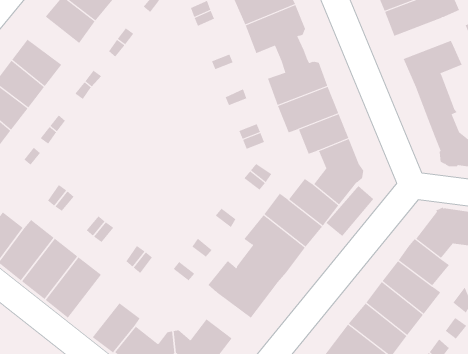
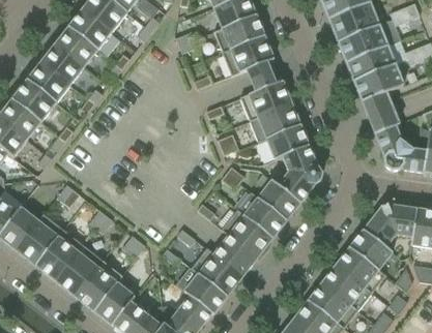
building: none -> [40,44,84,85]
building: none -> [346,46,394,80]
building: [326,185,374,237] -> none
building: none -> [75,260,122,311]
building: none -> [184,274,227,313]

